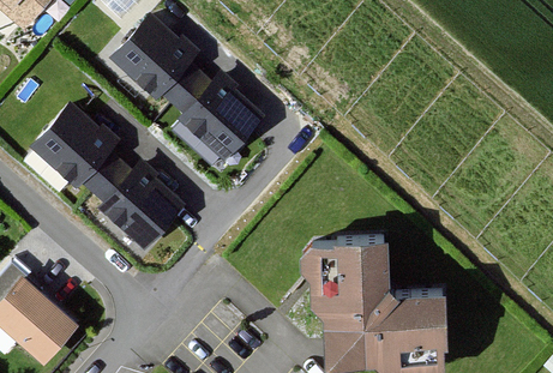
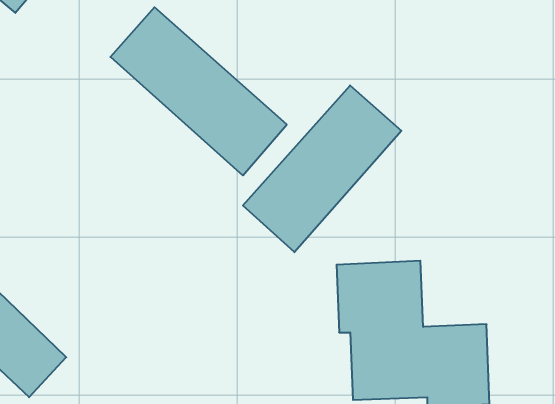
building: none -> [243,85,401,252]
building: [32,106,184,246] -> none

